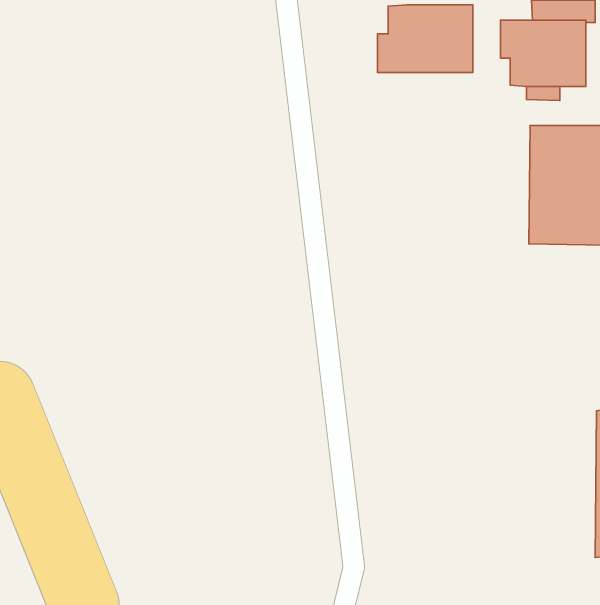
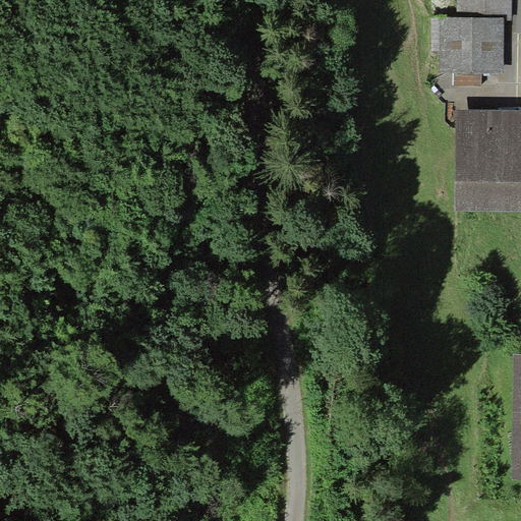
building: [378,5,473,72] -> none

